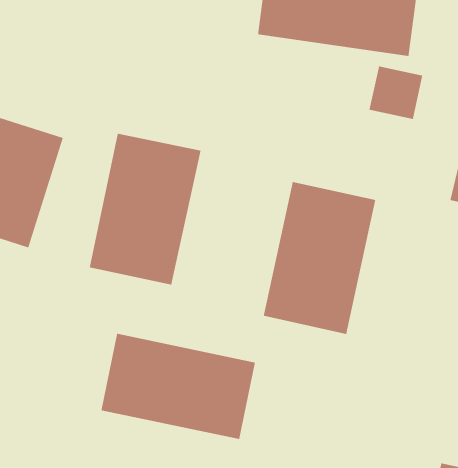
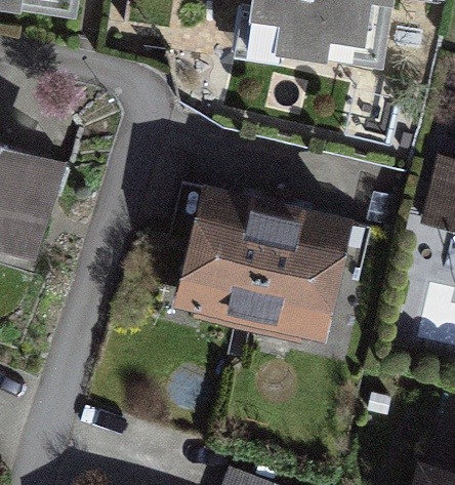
building: [89,133,201,285] -> [170,180,276,324]
building: [100,333,256,440] -> none

